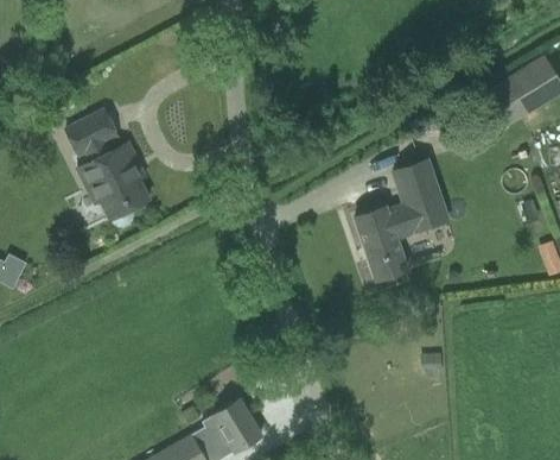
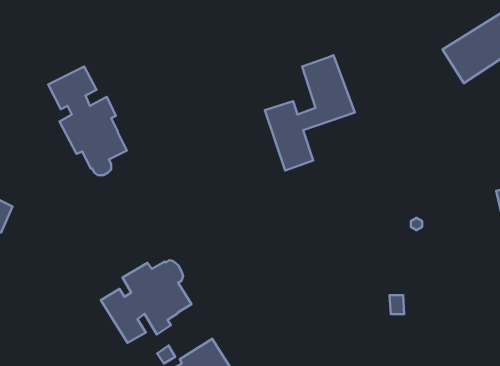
building: [355,159,450,282] -> [265,55,355,171]
building: none -> [101,260,191,343]

